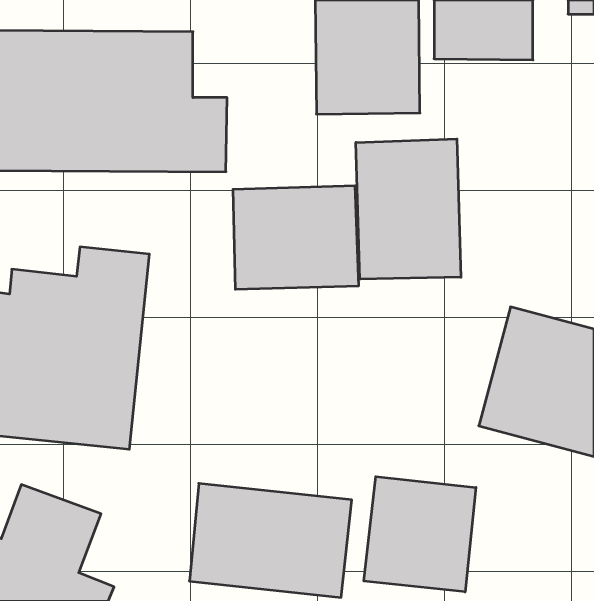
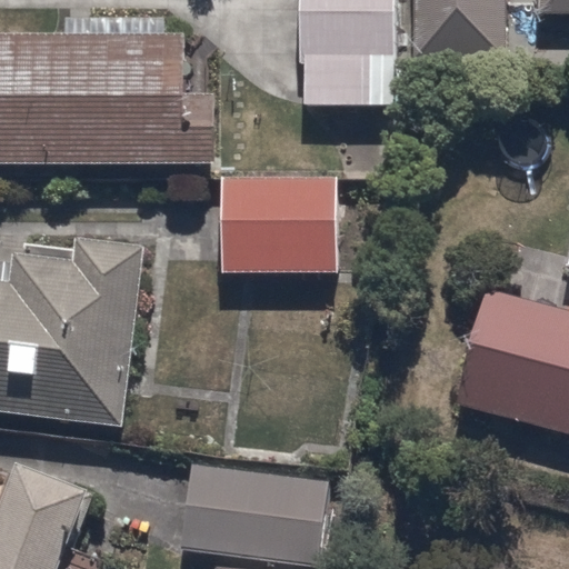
building: [356,139,461,279] -> none
building: [364,477,476,592] -> none

